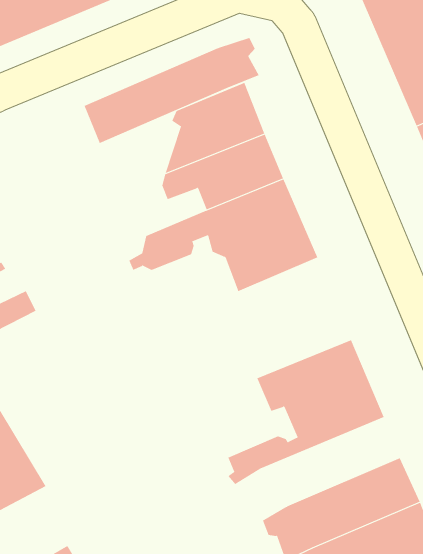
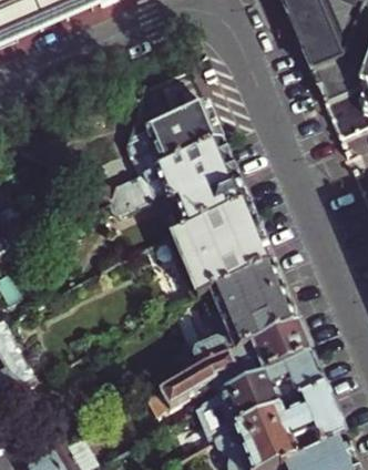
building: [84,37,260,144] -> none
building: none -> [172,202,275,296]
building: none -> [150,325,313,412]

